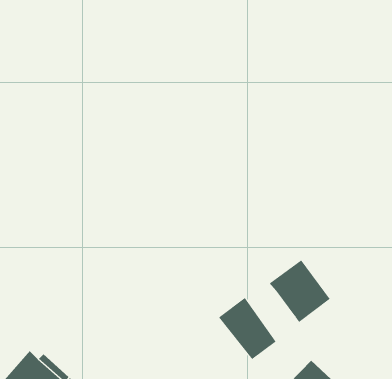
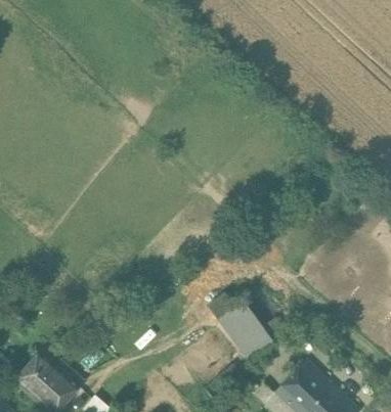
building: [269,259,330,323] -> none

